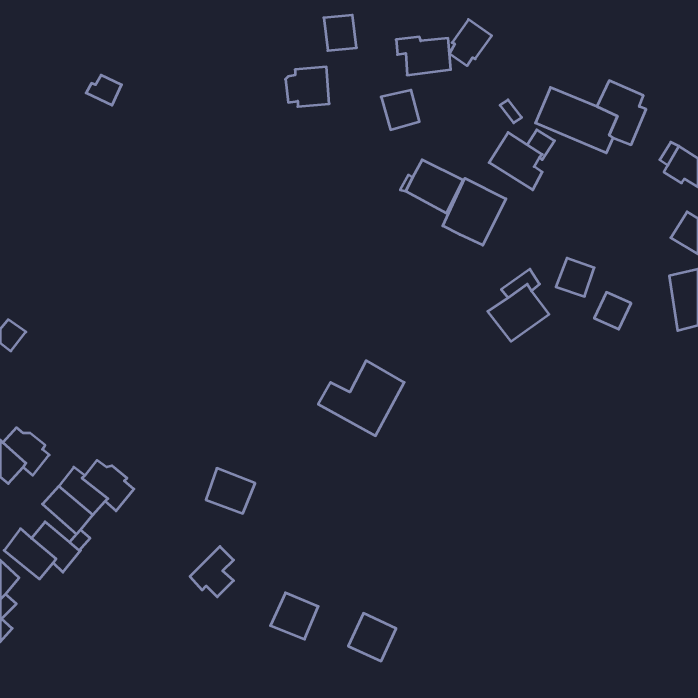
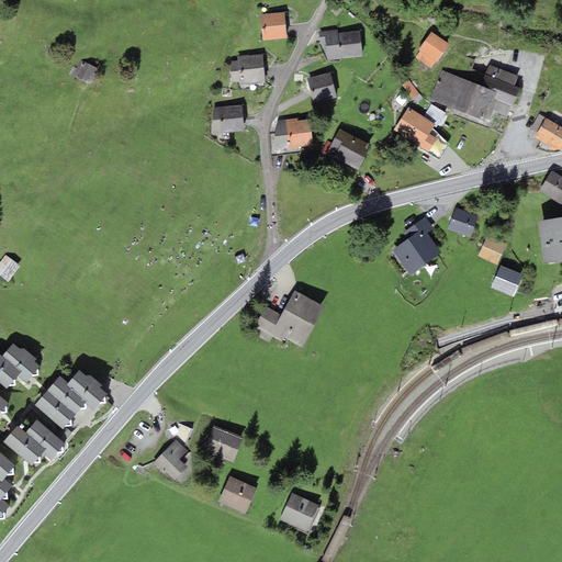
building: [449,19,492,66] -> [416,31,450,68]
building: none -> [211,104,244,134]
building: none -> [274,119,313,150]
building: [443,178,506,245] -> none
building: none -> [492,266,522,296]
building: [206,468,255,513] -> [204,425,244,461]

